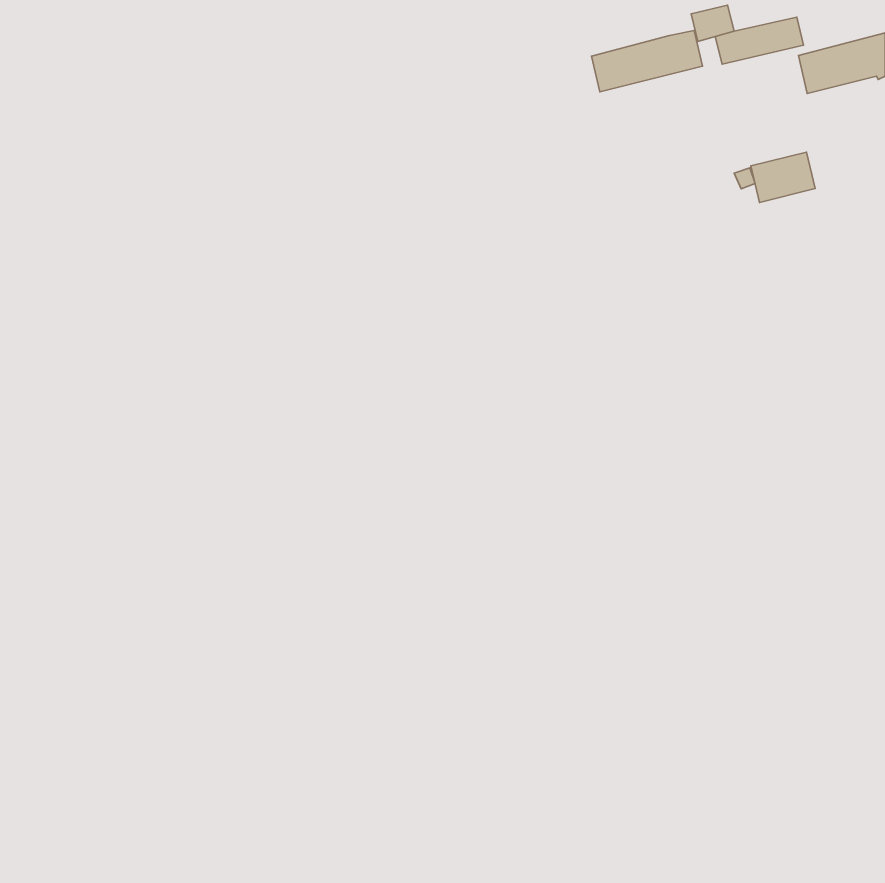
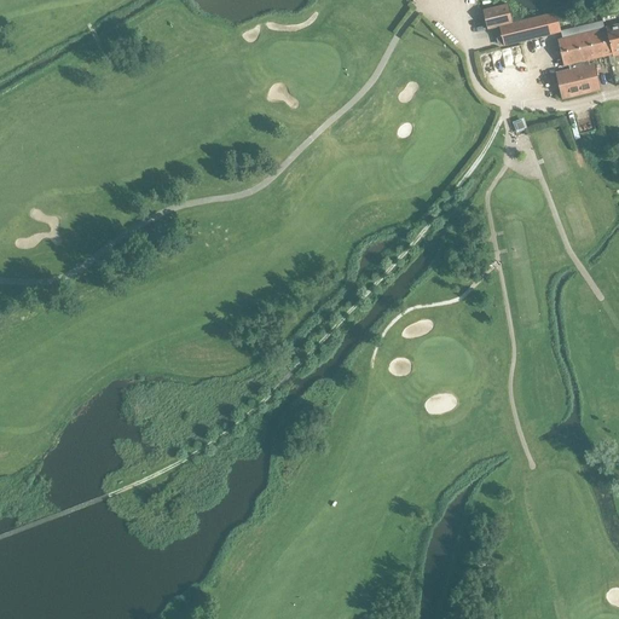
building: [591,30,702,92] -> none
building: [751,152,815,202] -> [556,63,601,98]

